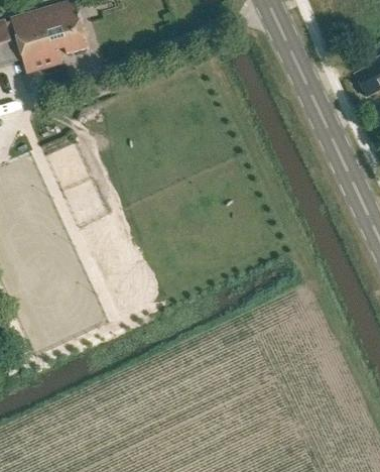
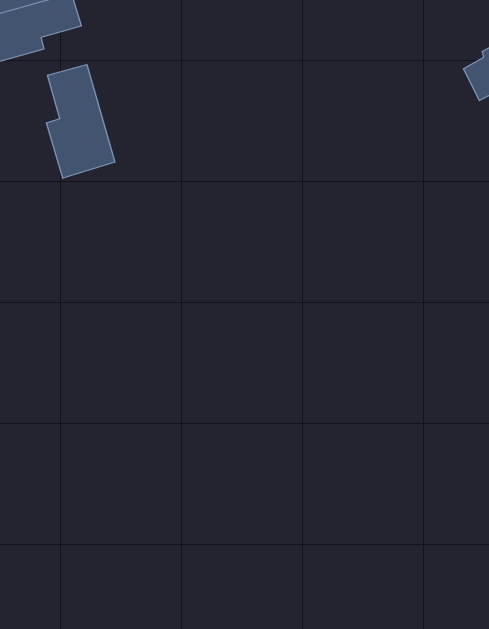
building: none -> [47,65,115,178]

